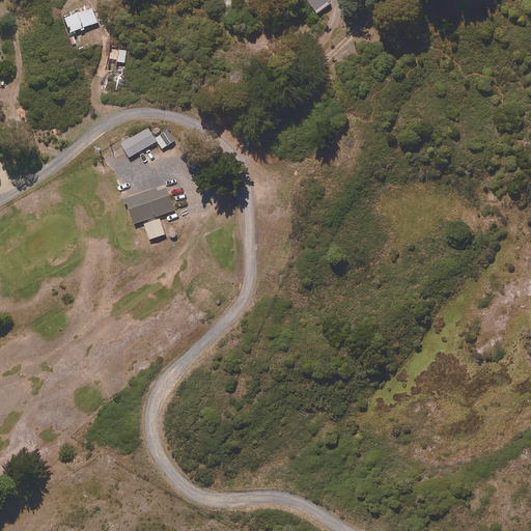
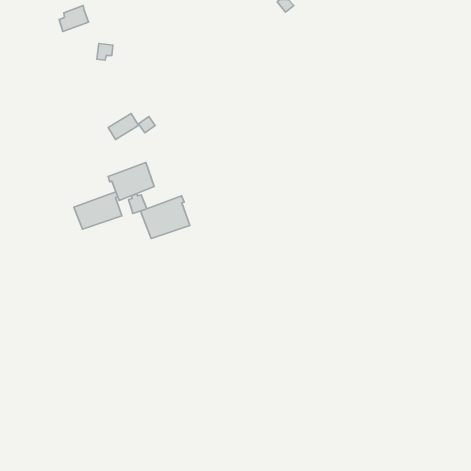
building: none -> [74,192,122,229]
building: none -> [140,196,190,239]

